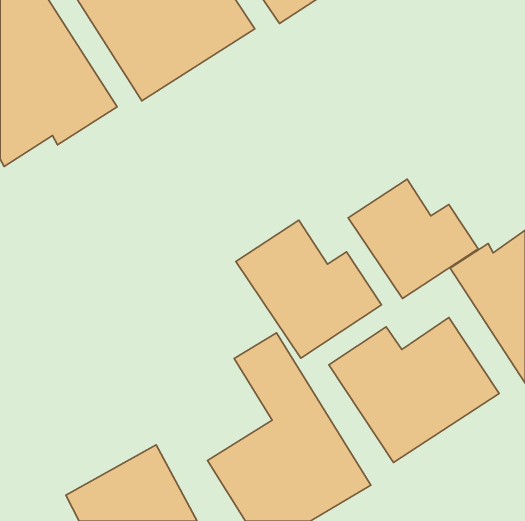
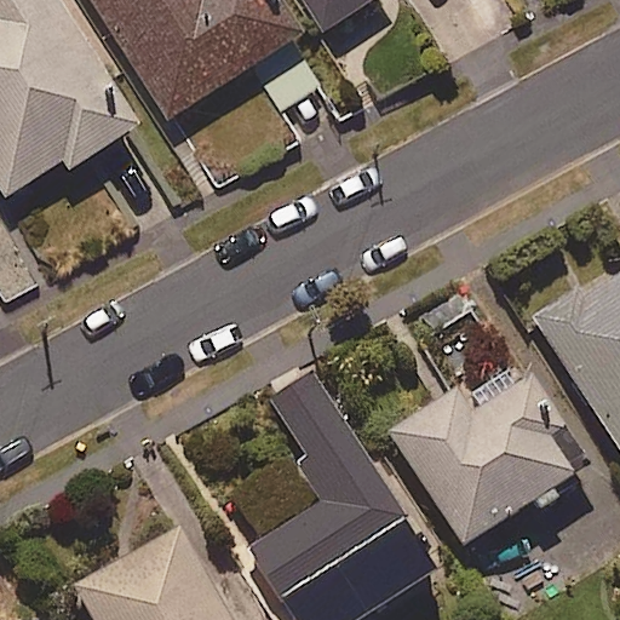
building: [348,179,478,299] -> none
building: [236,220,382,358] -> none

